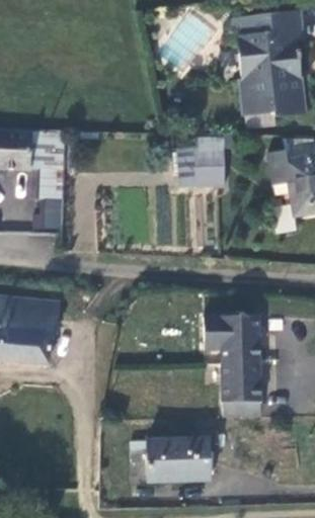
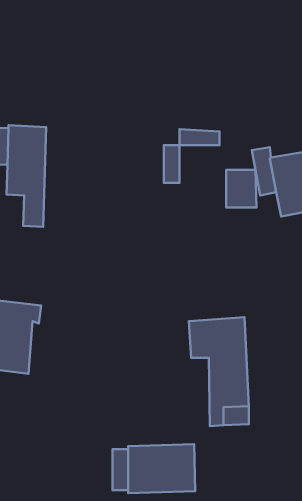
building: [233,14,303,116] -> none
building: [194,148,224,184] -> [226,170,257,208]

